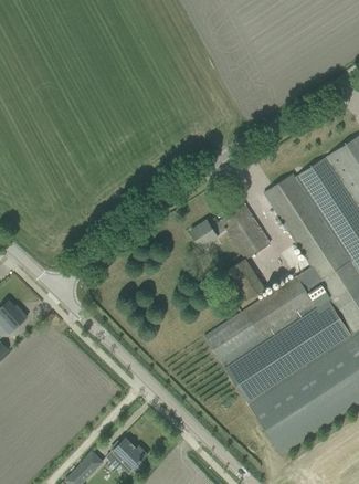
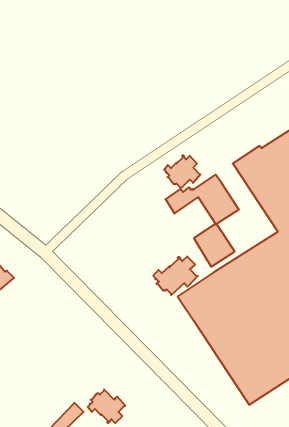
building: none -> [164,155,200,189]
building: none -> [153,256,198,295]

